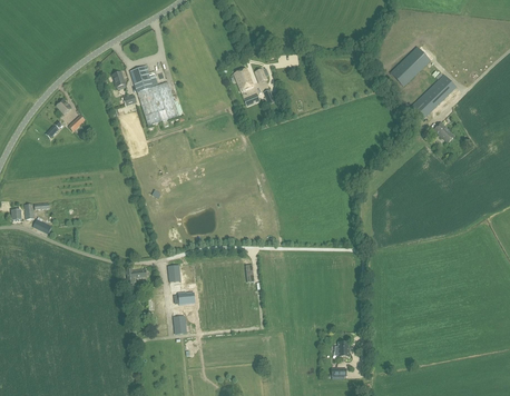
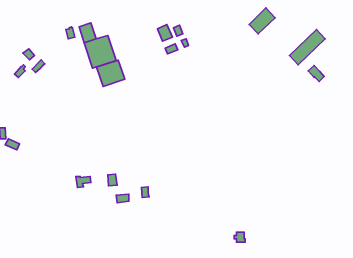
building: [395,47,430,81] -> [249,8,275,34]
building: none -> [96,60,125,87]

